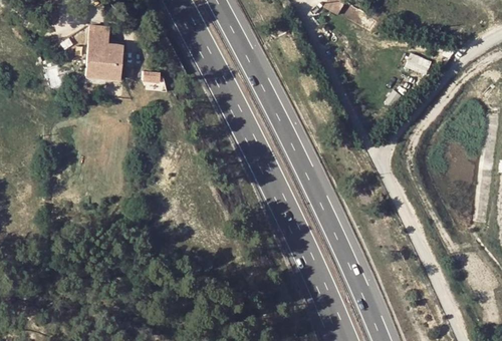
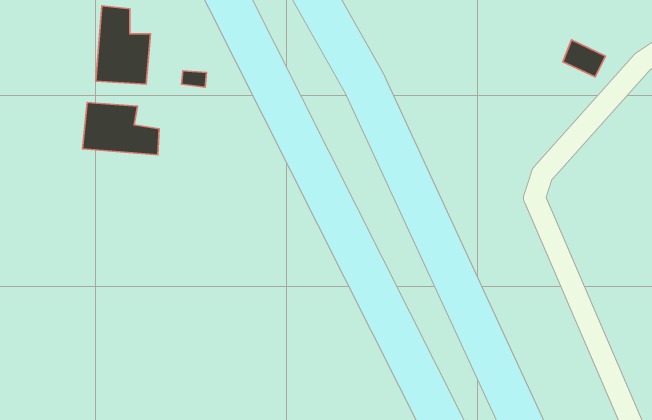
building: none -> [82,103,159,155]

